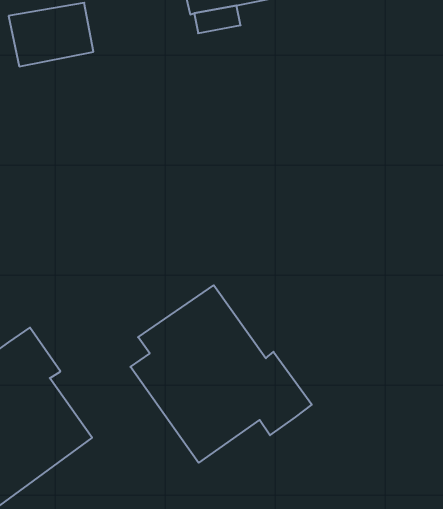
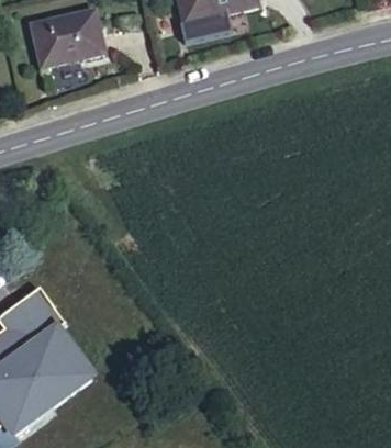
building: [130,285,312,463] -> none

